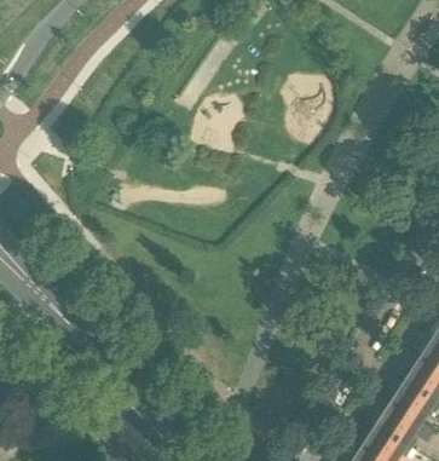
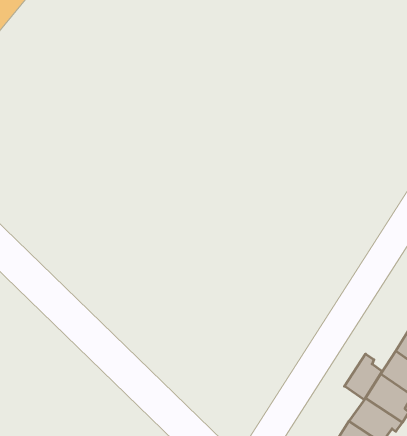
building: none -> [344,354,382,400]

